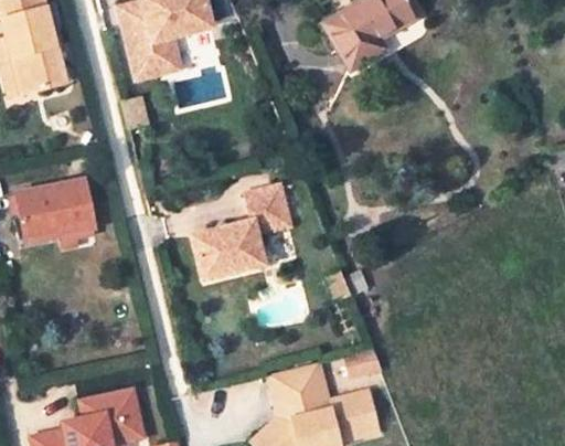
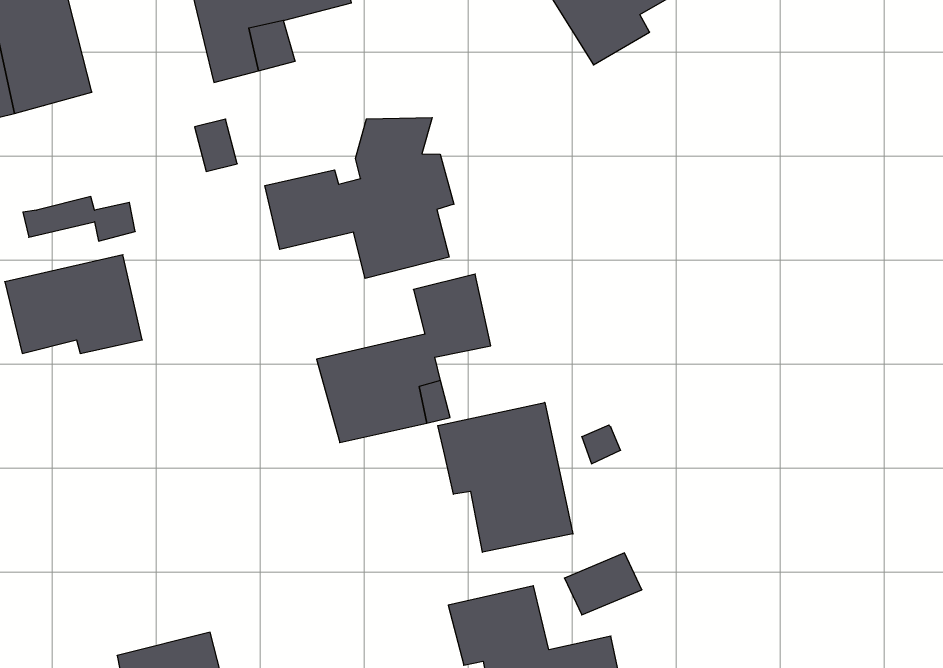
building: none -> [265,118,454,278]
building: [18,223,82,248] -> [23,197,135,241]
building: none -> [438,402,573,552]

